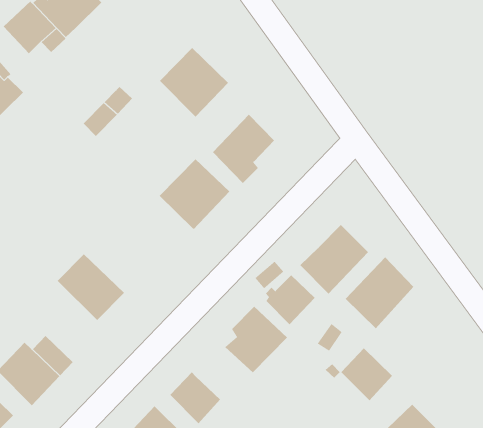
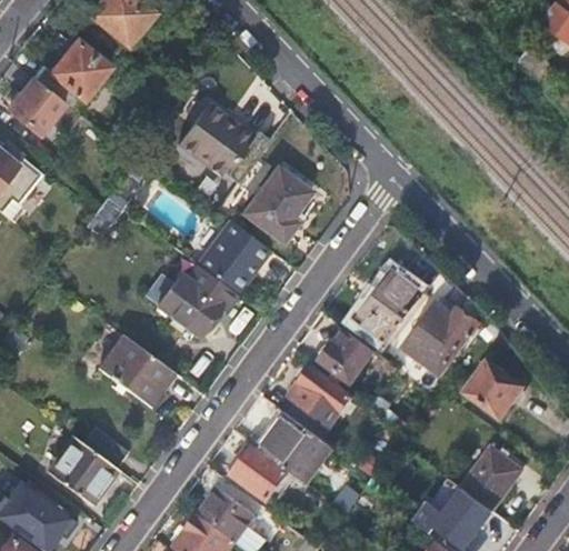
building: none -> [157,264,234,334]
building: none -> [259,414,331,482]
building: [340,348,393,401] -> [467,362,522,418]

